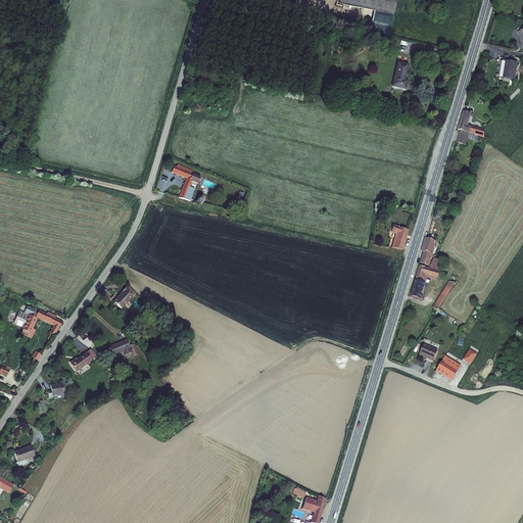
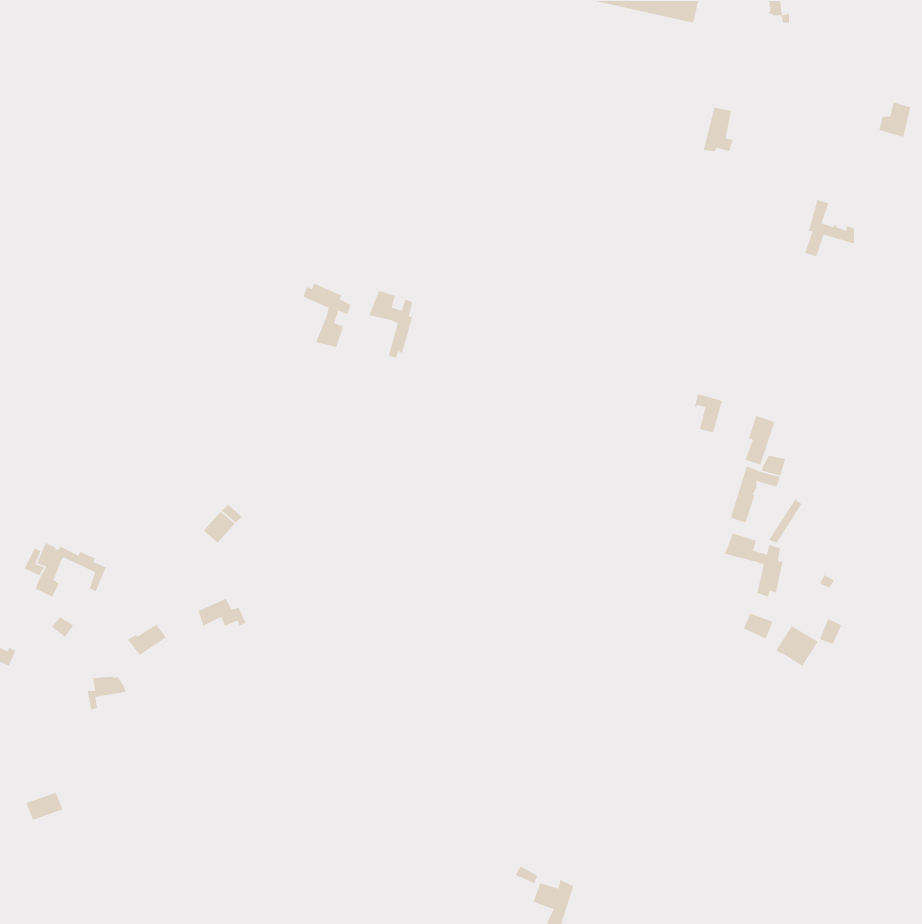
building: none -> [369,290,413,359]
building: none -> [724,532,783,597]

